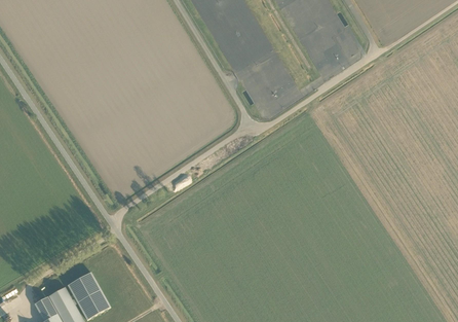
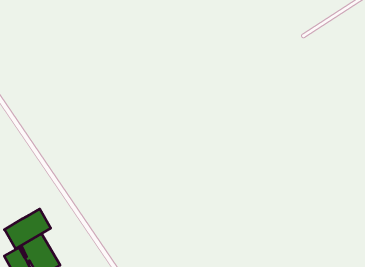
building: none -> [4,209,51,249]

